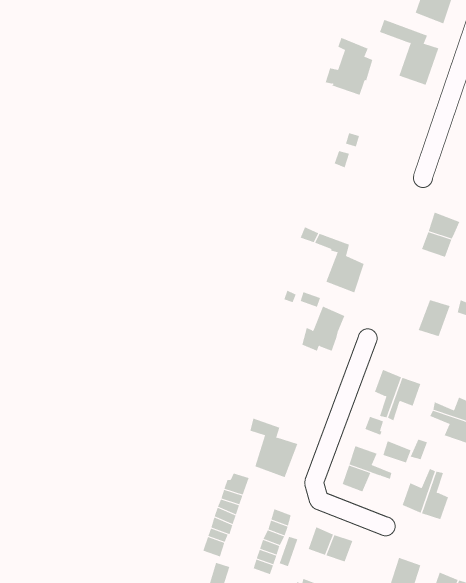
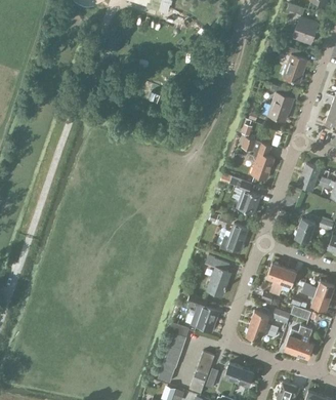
building: [325,37,373,95] -> [263,84,294,121]
building: none -> [242,137,275,179]
building: none -> [206,254,232,296]

